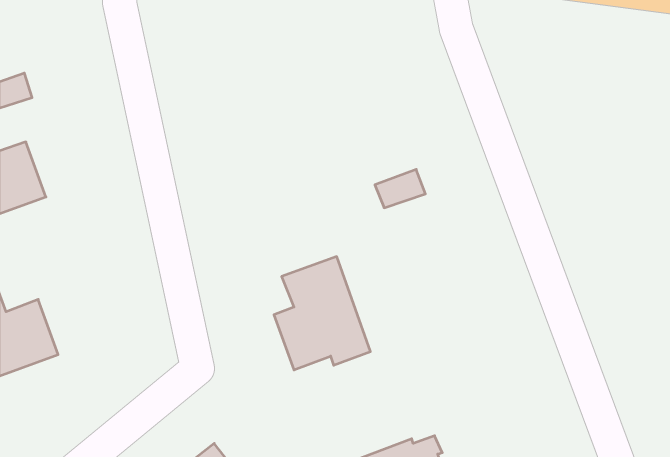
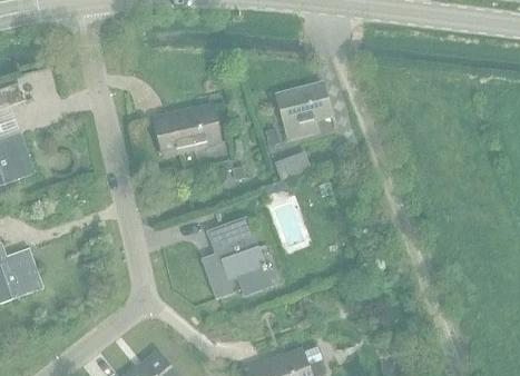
building: none -> [275,87,330,139]
building: none -> [154,102,219,154]

